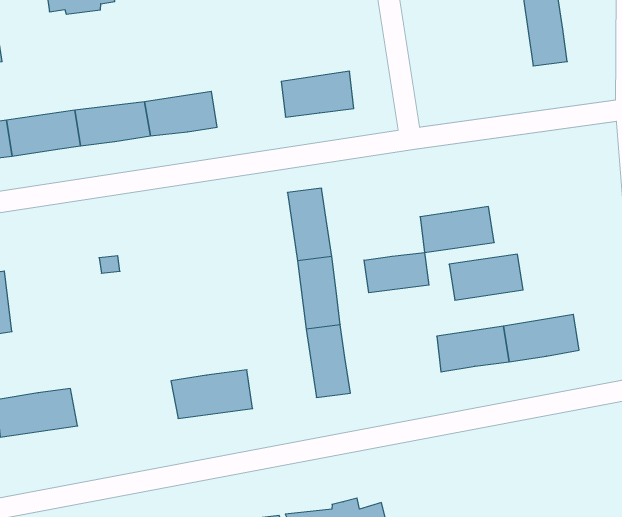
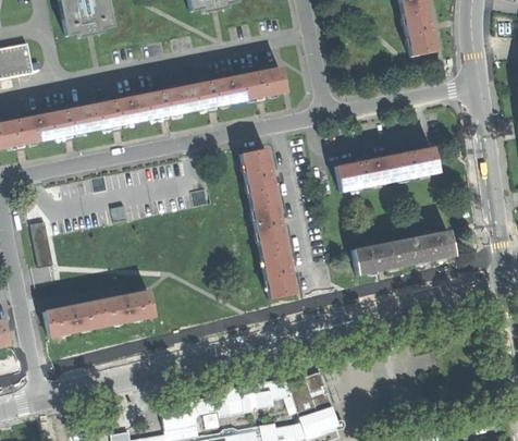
building: none -> [185,75,238,110]
building: [364,252,429,293] -> none
building: [449,254,523,300] -> [385,146,439,181]
building: [171,370,253,418] -> [97,290,156,327]

